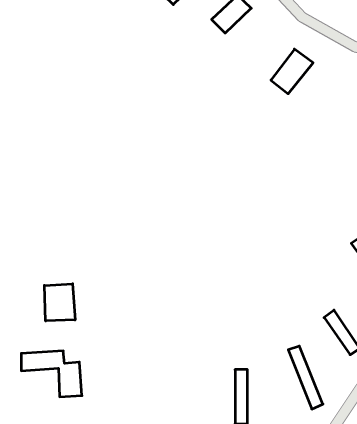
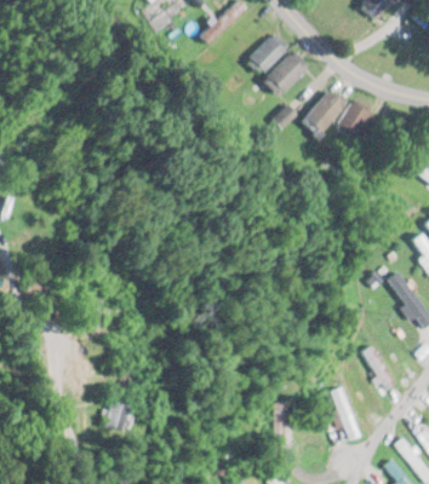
building: none -> [263,50,308,96]
building: none -> [338,102,373,137]
building: [44,284,75,321] -> none

